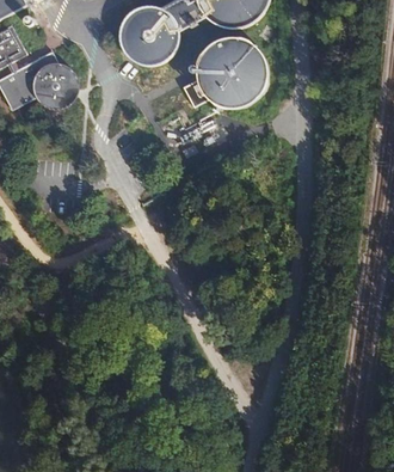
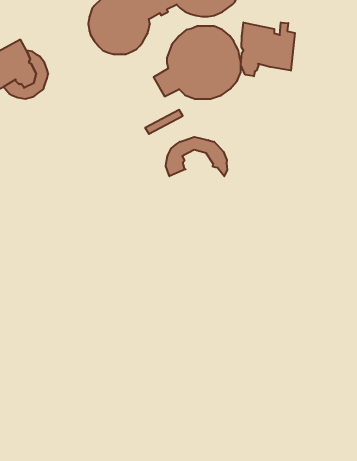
building: none -> [241,22,295,76]
building: none -> [166,137,227,176]

